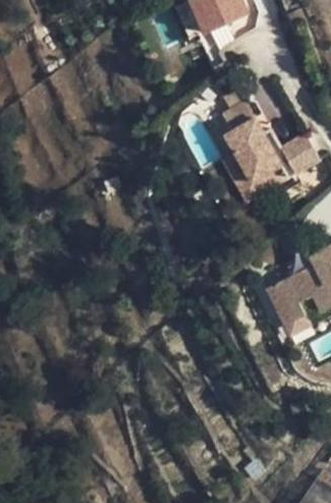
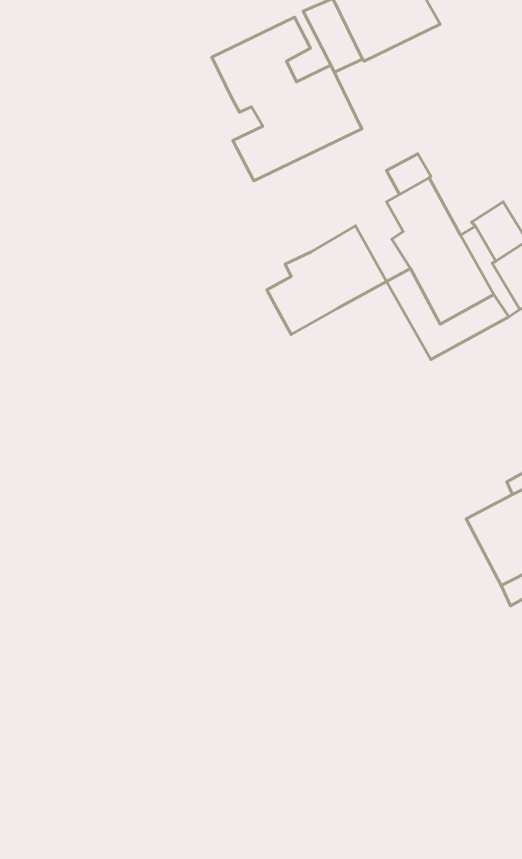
building: none -> [212,17,362,181]
building: none -> [267,226,386,334]

